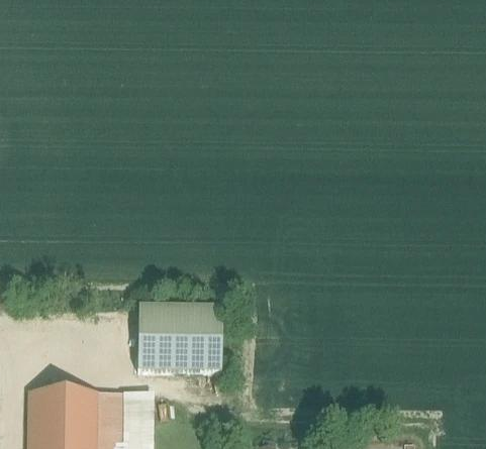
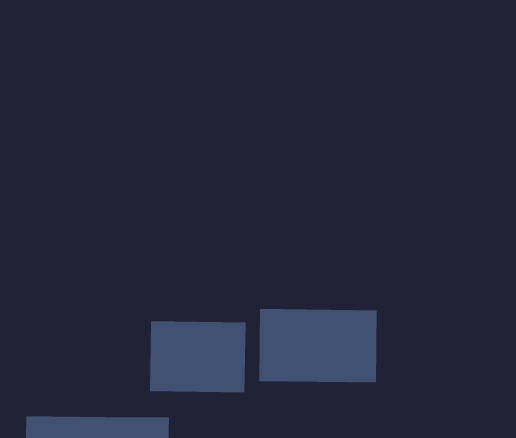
building: none -> [259,308,377,383]

